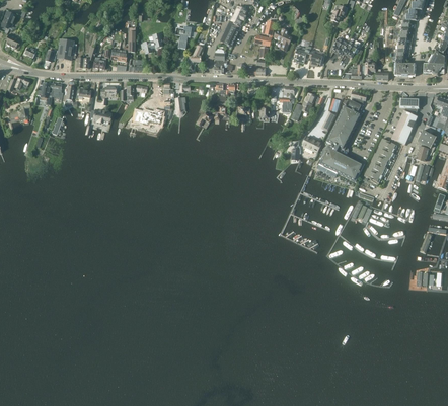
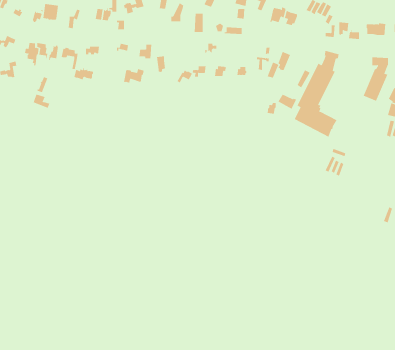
building: [363,139,396,183] -> none

